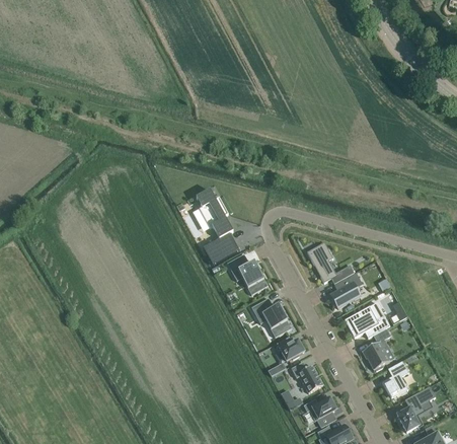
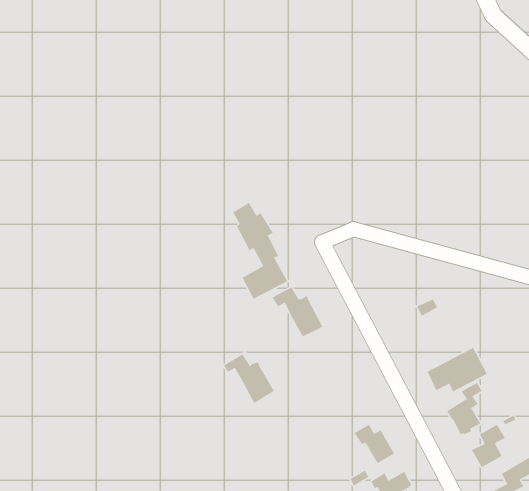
building: [307,245,337,282] -> none
building: [330,273,363,308] -> none
building: [251,297,292,338] -> [223,352,275,404]
building: [277,337,305,361] -> none

